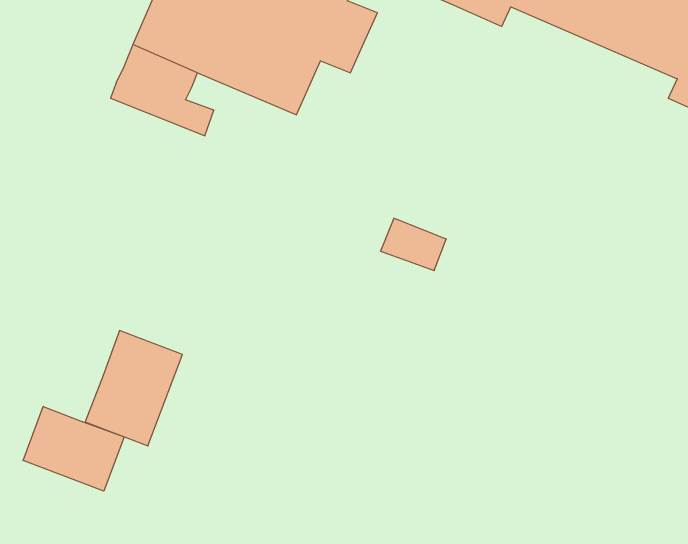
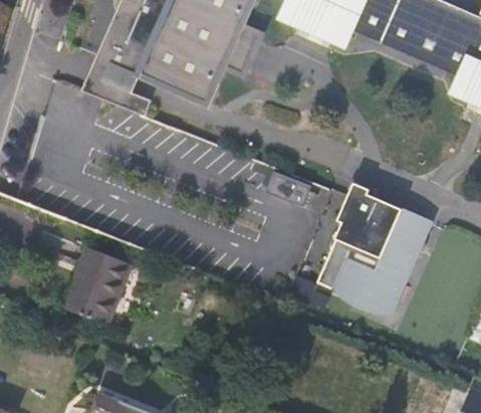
building: none -> [317,184,430,314]
building: [23,406,124,491] -> none

